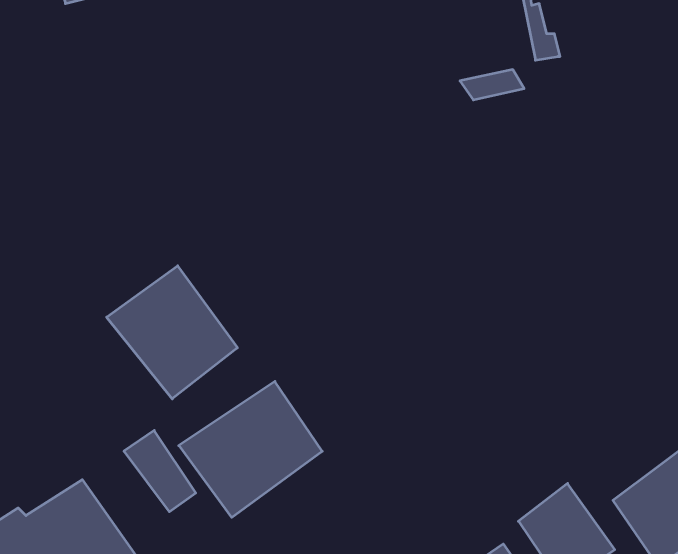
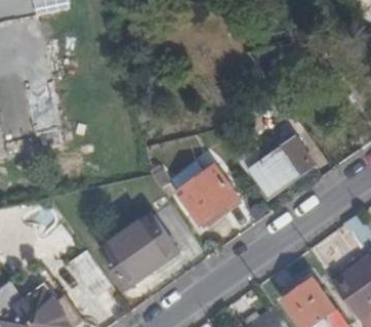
building: none -> [235,140,313,199]
building: [107,266,237,399] -> none
building: none -> [178,169,237,226]

